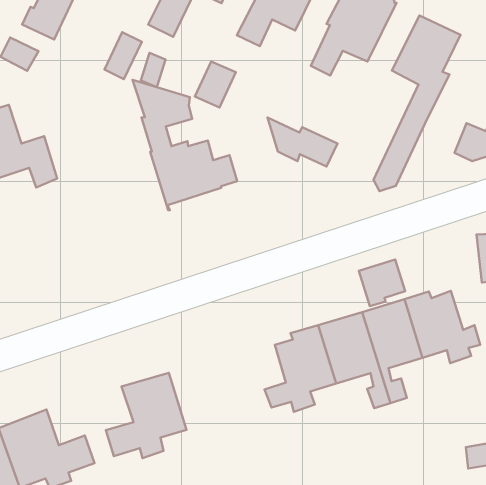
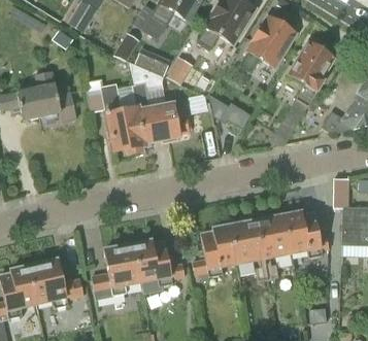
building: none -> [87,78,143,152]
building: [359,260,405,306] -> none
building: none -> [133,240,183,284]

